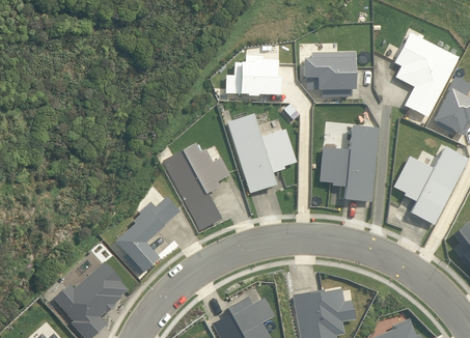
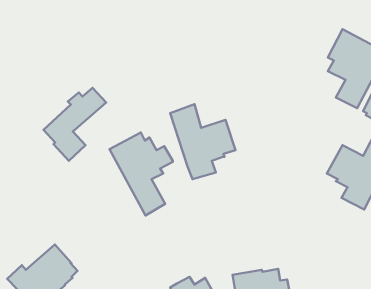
building: [304,52,356,95] -> none
building: [226,56,279,96] -> none
building: [320,126,379,202] -> none
building: [114,197,181,275] -> [44,88,106,161]

